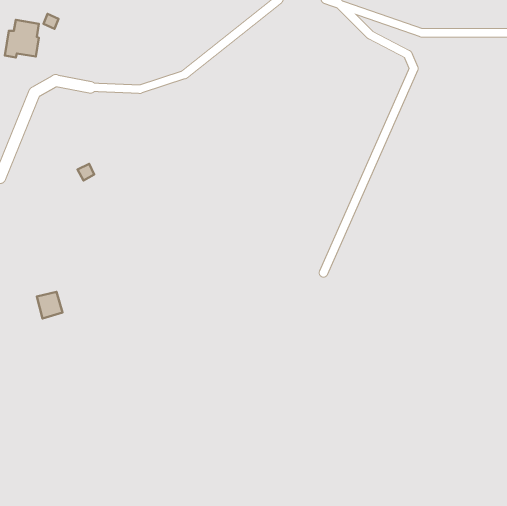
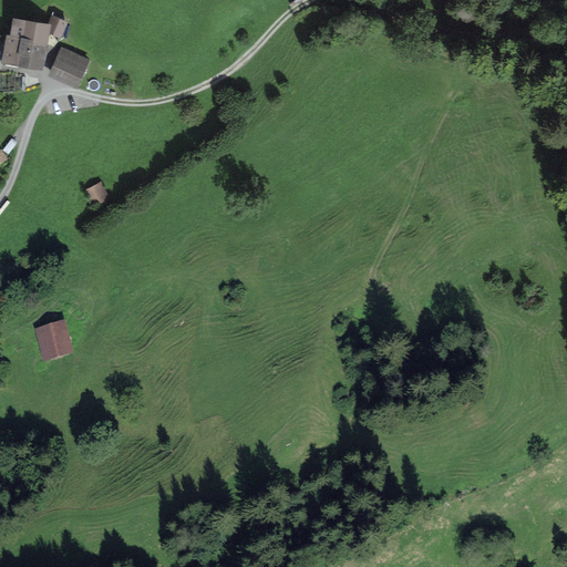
building: none -> [52,49,87,82]

